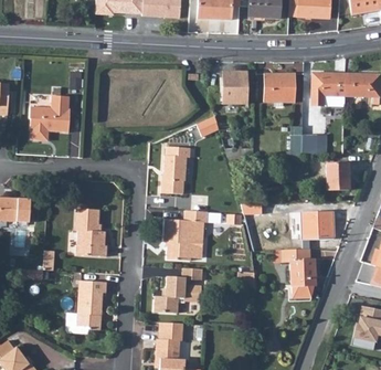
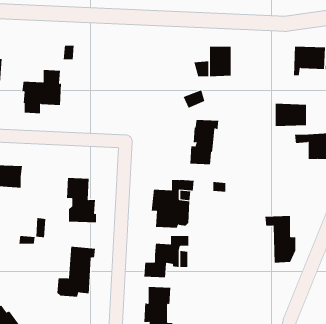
building: [265,73,296,102] -> none
building: [161,147,192,194] -> [190,119,219,165]
building: [301,211,335,240] -> none

